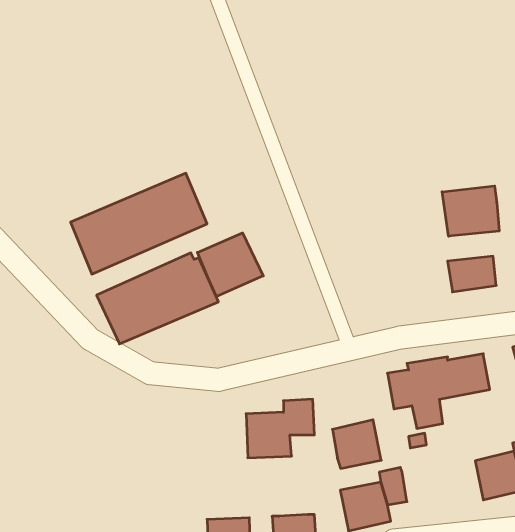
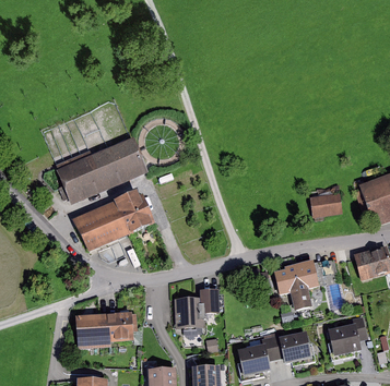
building: [442,186,499,236] -> none
building: [197,233,263,297] -> none
building: [332,420,381,468] -> [279,330,311,363]
building: none -> [75,312,133,348]

